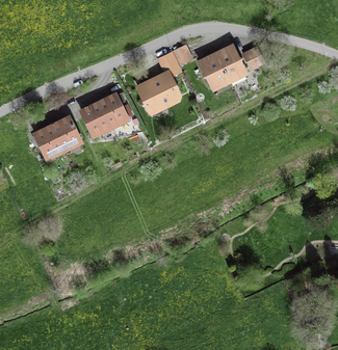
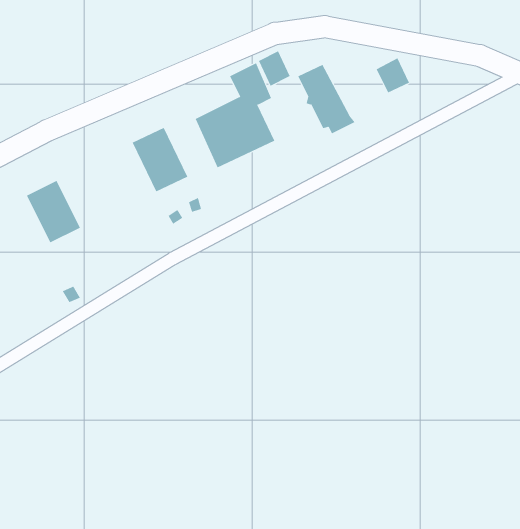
building: [213,42,249,83] -> none
building: [79,100,111,138] -> none
building: [51,113,84,152] -> none

